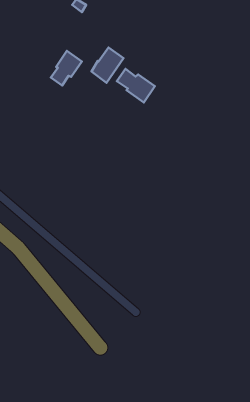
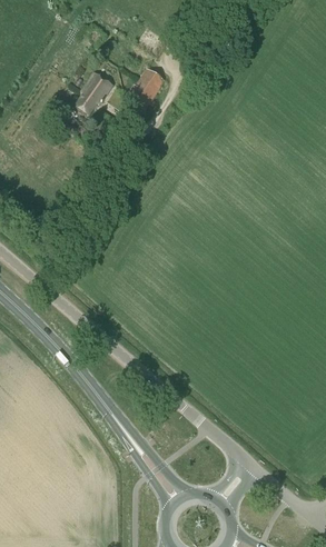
building: [117,69,155,103] -> none

